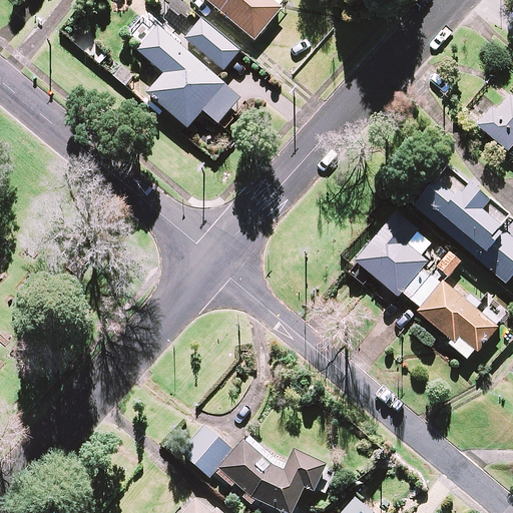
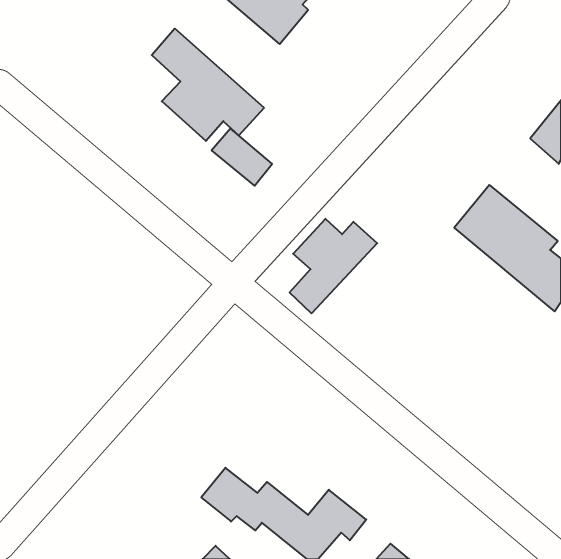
building: [184,18,239,70] -> [212,129,272,186]
building: none -> [290,219,377,313]
building: [354,208,497,360] -> none

